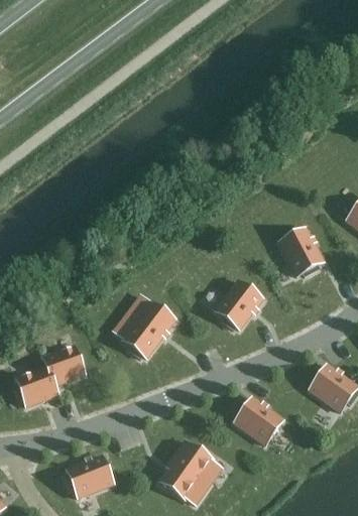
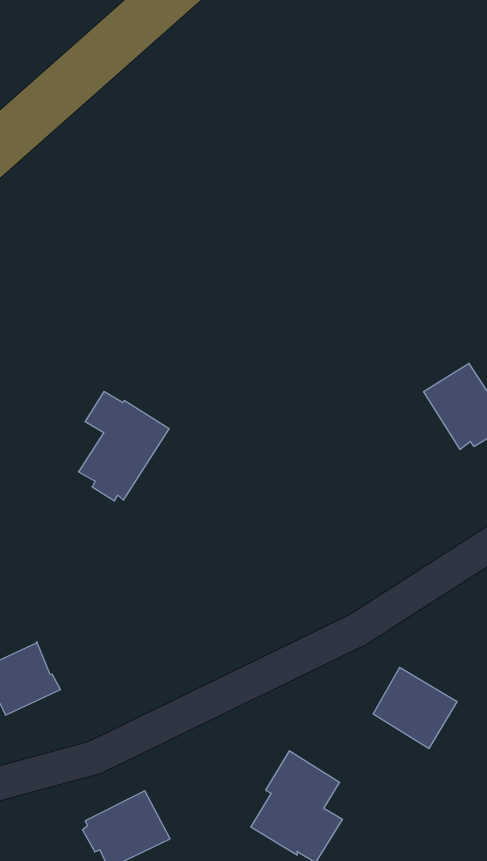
building: [214,280,261,330] -> none
building: [121,295,174,358] -> [78,392,169,501]
building: [41,346,85,385] -> none

